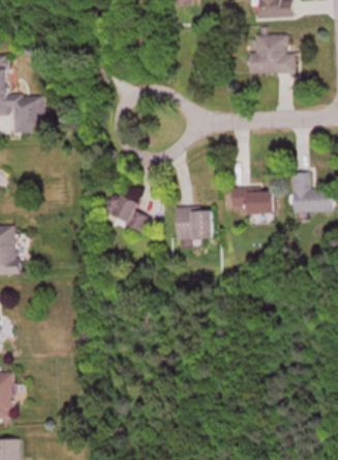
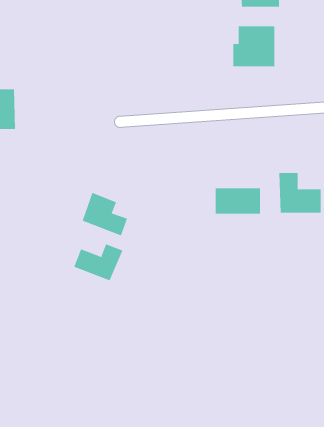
building: [175,207,213,238] -> none
building: none -> [74,244,123,281]

